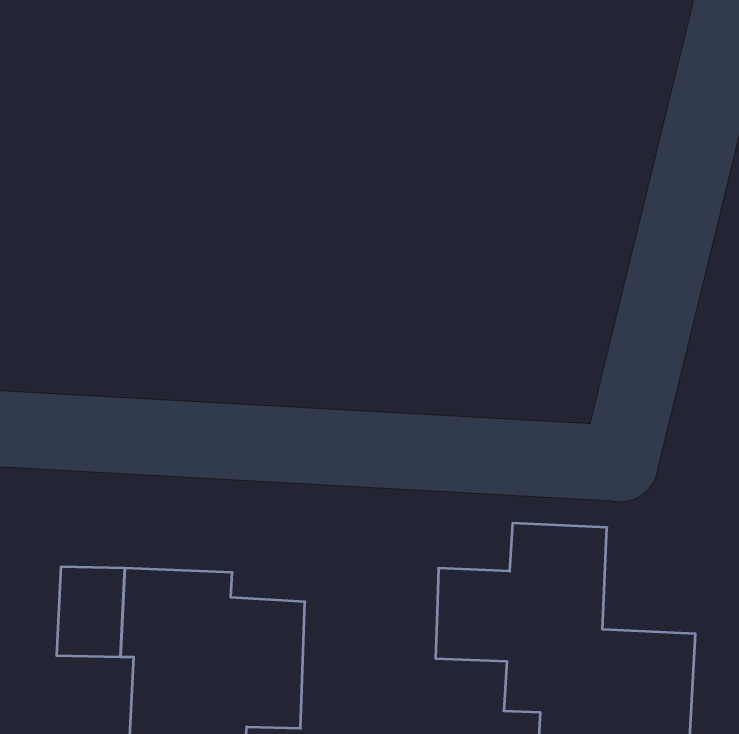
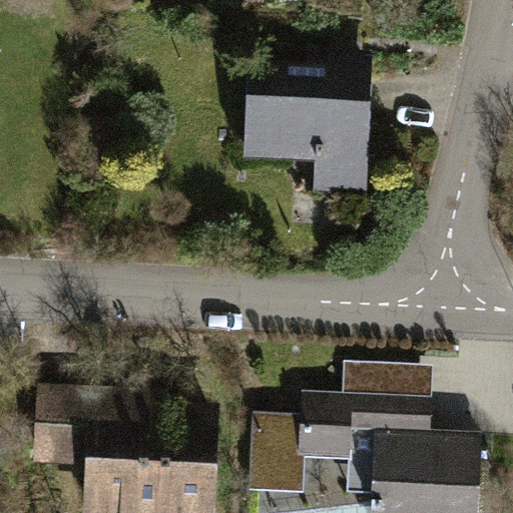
building: none -> [246,68,367,194]
building: none -> [249,426,302,494]

